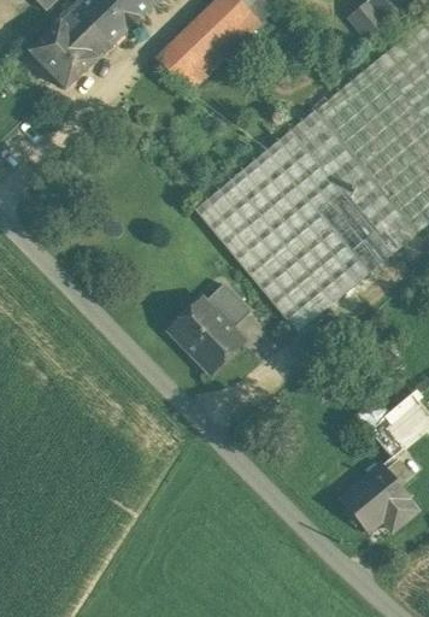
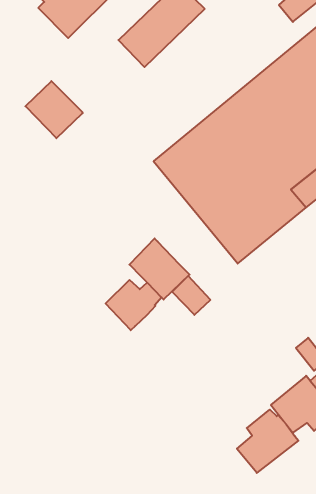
building: [28,19,96,88] -> [25,81,83,138]
building: [204,282,249,329] -> [172,276,210,315]
building: none -> [106,280,162,330]
building: none -> [237,410,298,473]

